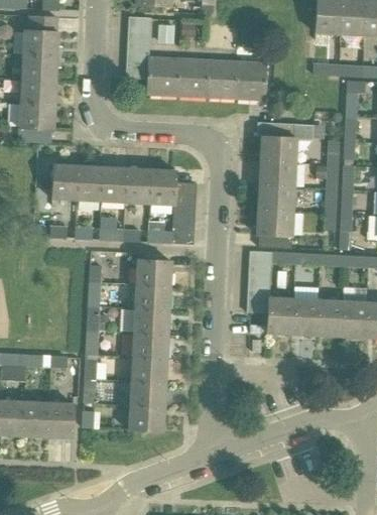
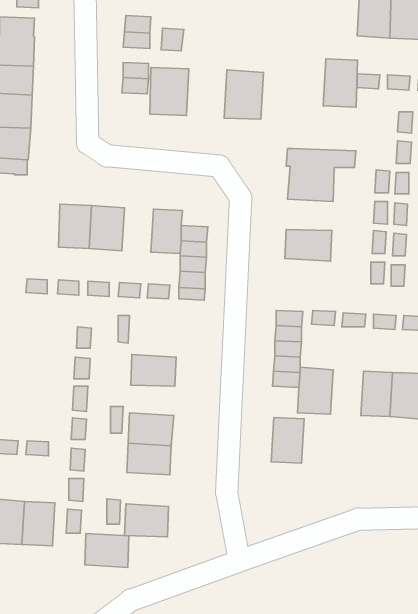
building: [178,58,211,98] -> none
building: [238,61,265,100] -> [323,59,357,107]
building: [258,162,295,187] -> none
building: [51,165,78,201] -> none
building: [127,169,152,205] -> none
building: [256,210,293,247] -> none
building: [135,260,171,288] -> none
building: [293,298,320,335] -> [271,418,304,463]
building: [133,310,169,335] -> none
building: [130,380,165,407] -> [85,533,129,568]

